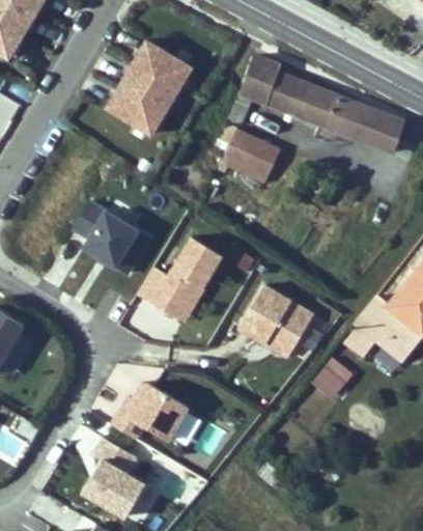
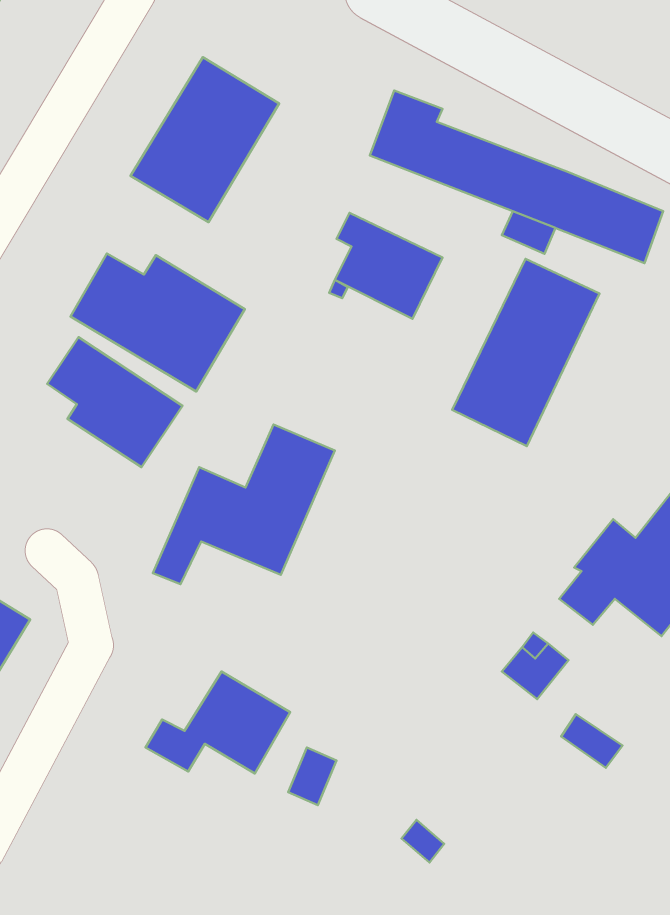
building: none -> [70,254,245,391]
building: none -> [452,259,599,446]
building: [242,283,309,351] -> none
building: [84,436,143,513] -> none

